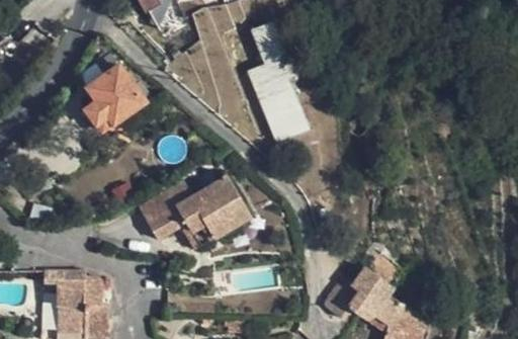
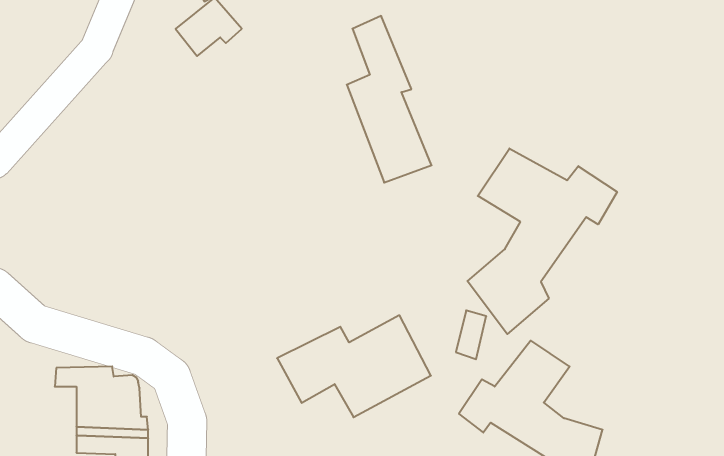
building: [86,53,147,126] -> none
building: none -> [467,148,617,334]
building: [141,178,249,250] -> [277,315,431,417]

